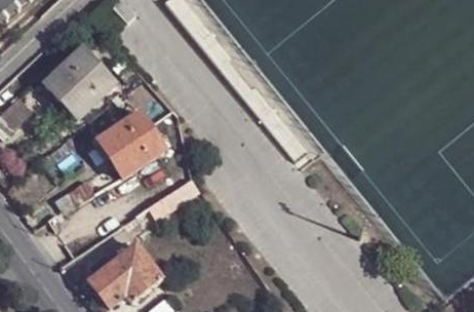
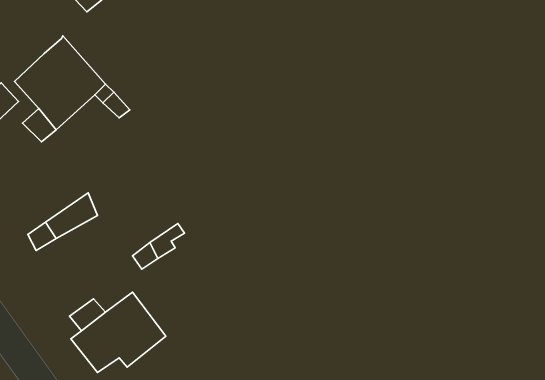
building: [96,112,164,179] -> none

